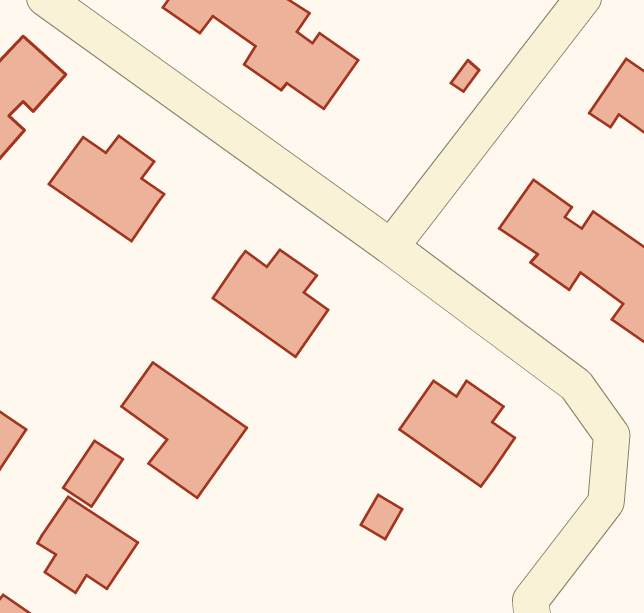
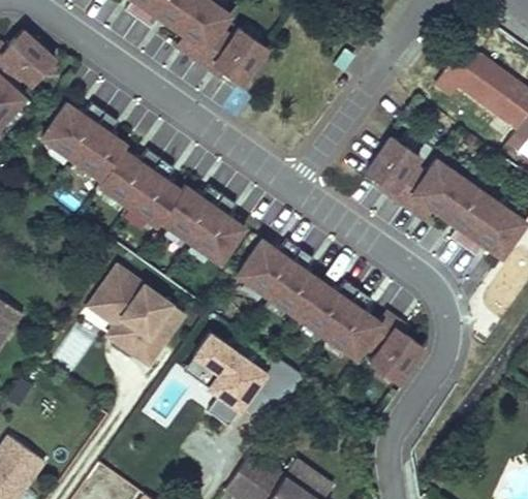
building: none -> [97,150,180,226]
building: none -> [237,240,320,316]
building: none -> [364,313,423,383]
building: none -> [180,333,270,414]
building: [37,497,138,593] -> none

